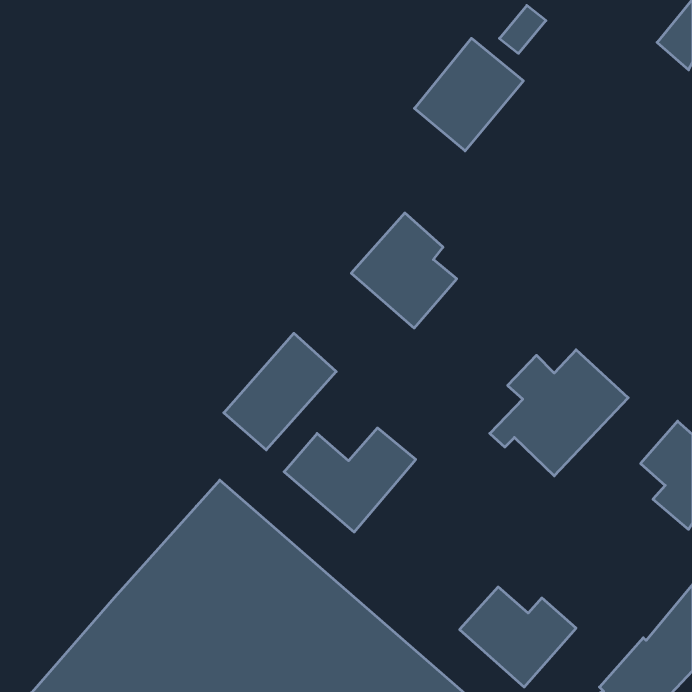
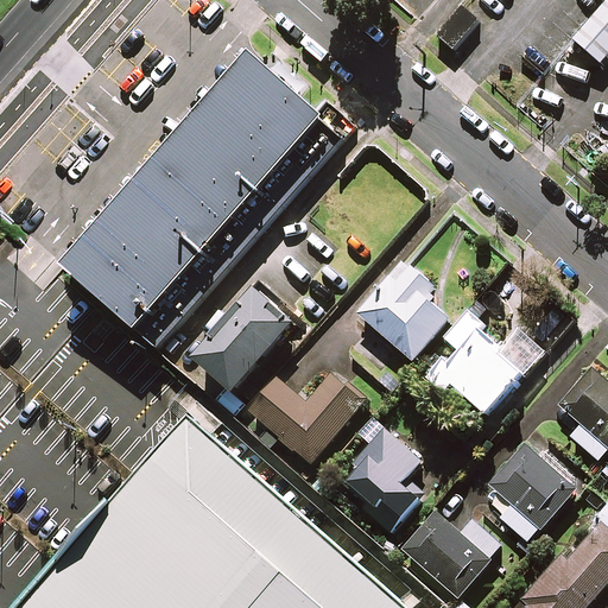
building: [414,38,523,151] -> none
building: none -> [63,55,324,331]
building: [351,213,457,328] -> [355,261,446,361]
building: none -> [337,428,420,532]
building: none -> [486,444,572,542]

